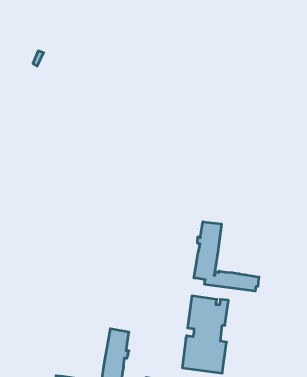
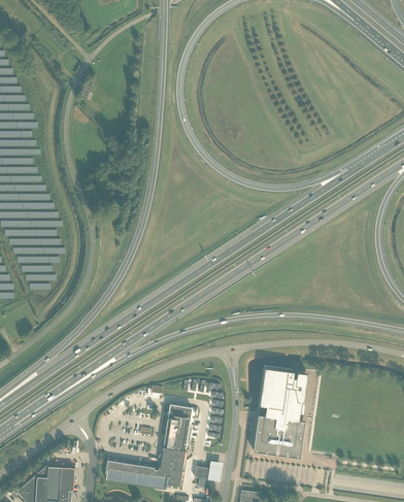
building: [194,222,259,291] -> none

